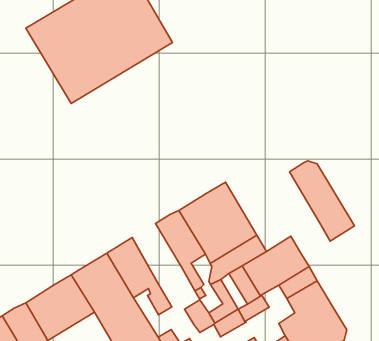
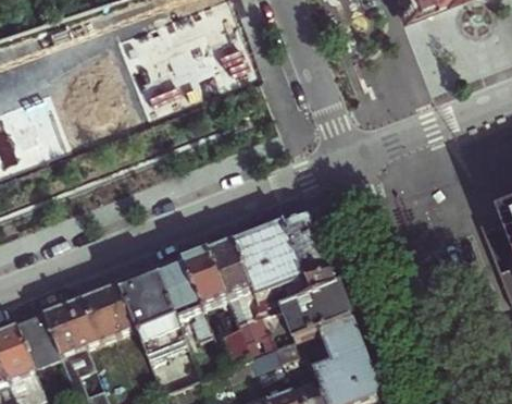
building: [289,161,355,241] -> [287,211,341,293]
building: none -> [187,247,230,305]

